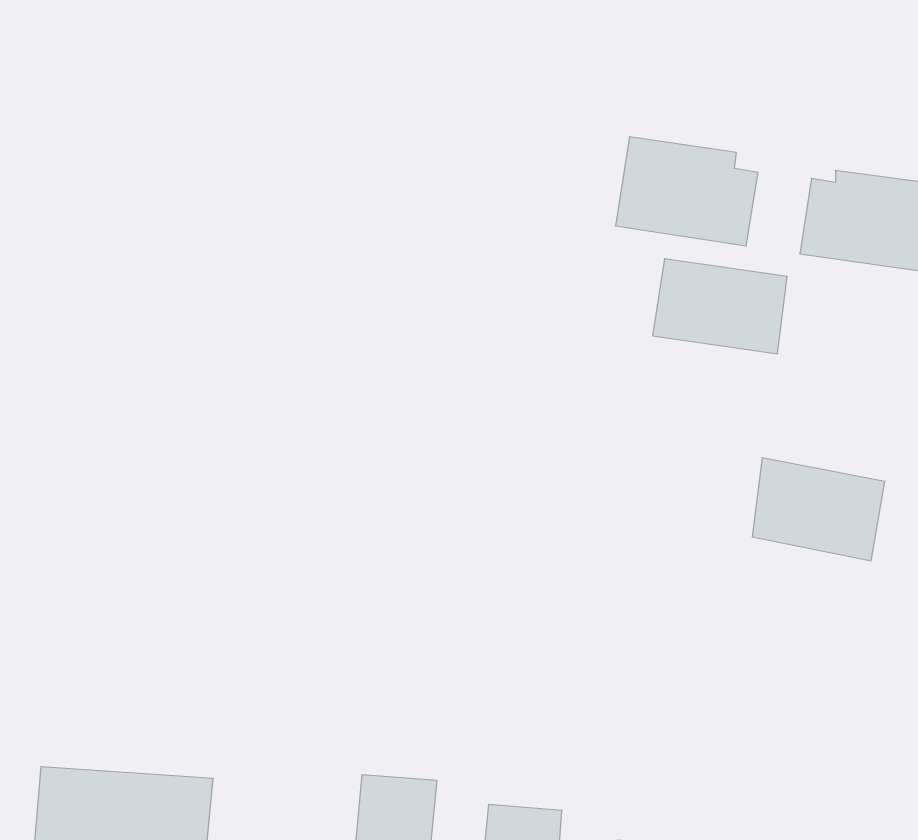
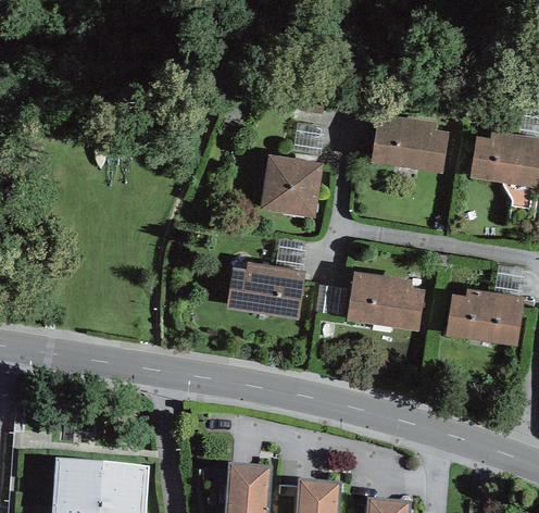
building: none -> [262,158,324,218]
building: [653,259,787,354] -> [344,276,418,328]
building: none -> [227,263,299,315]

